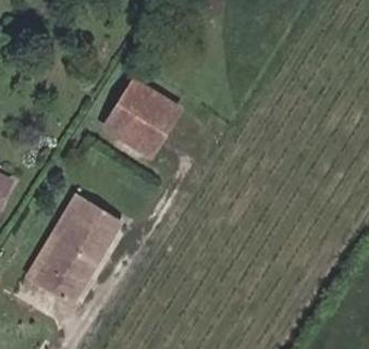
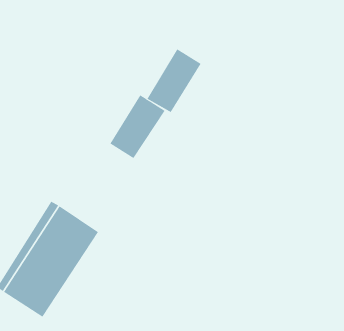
building: [108,83,159,142] -> [147,49,201,113]

